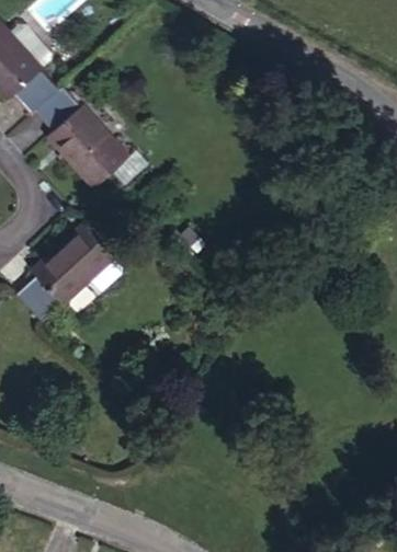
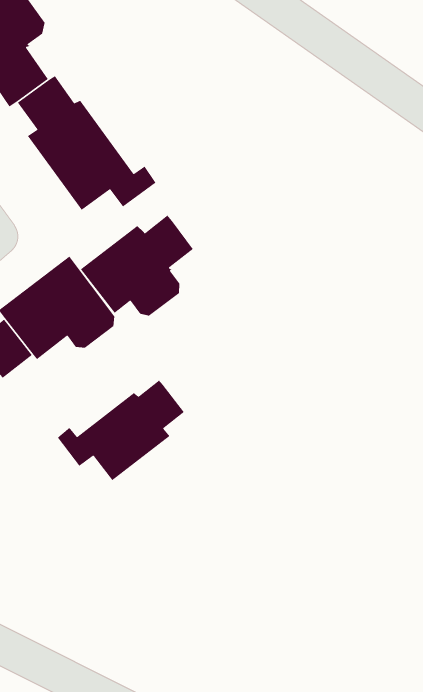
building: none -> [80,214,194,317]
building: none -> [57,380,185,481]

